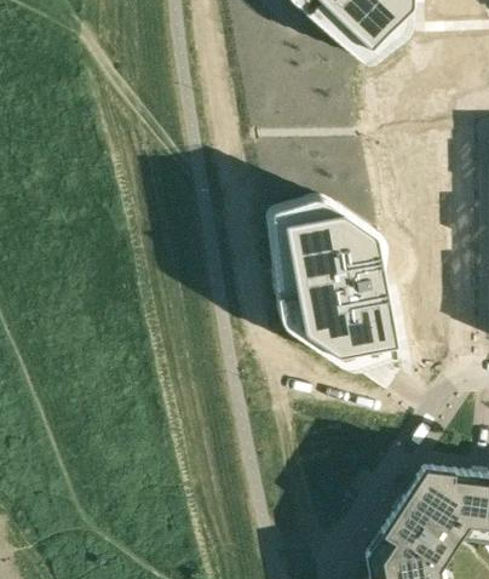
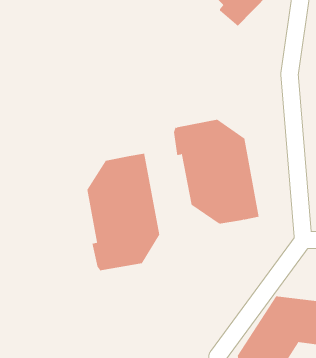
building: none -> [87,153,160,272]

